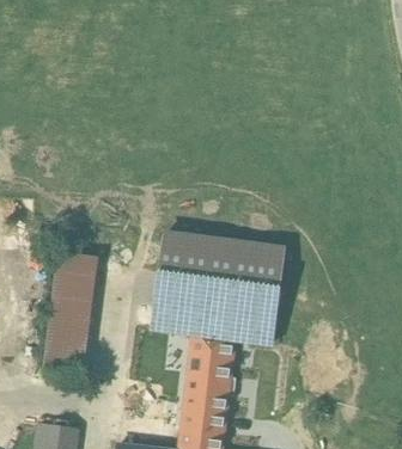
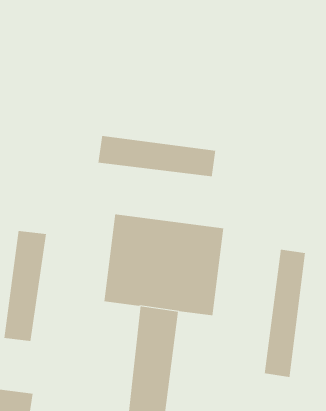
building: none -> [98,135,216,177]
building: none -> [264,249,305,378]

